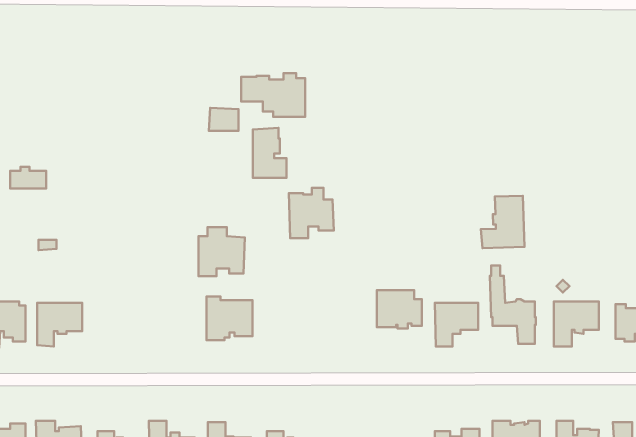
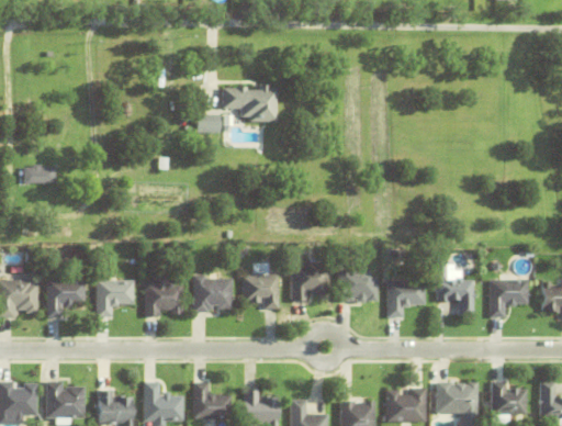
building: [253,128,286,178] -> none
building: [289,188,334,238] -> [289,258,327,301]
building: [481,196,524,248] -> none
building: [199,227,245,276] -> [143,276,182,317]
building: none -> [240,276,278,310]
building: none -> [94,281,133,317]

